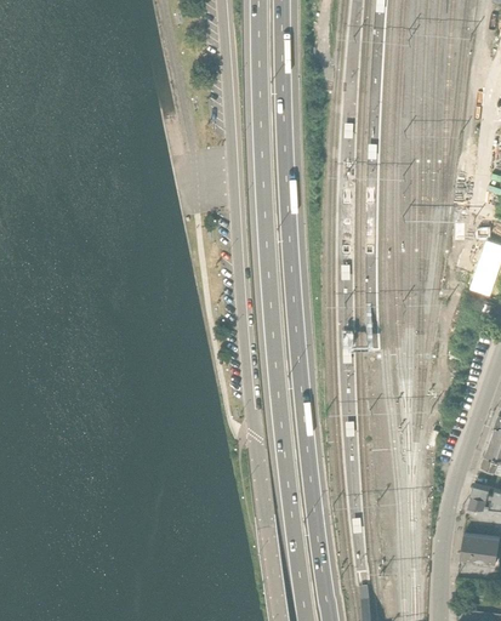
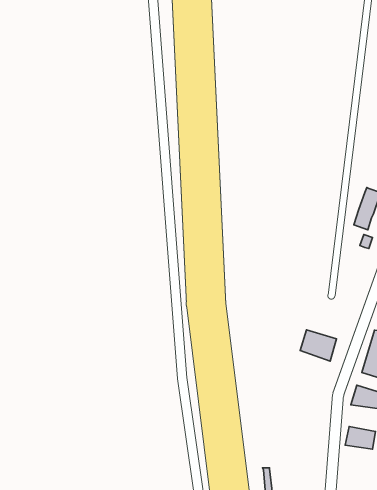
building: none -> [300,330,336,361]

